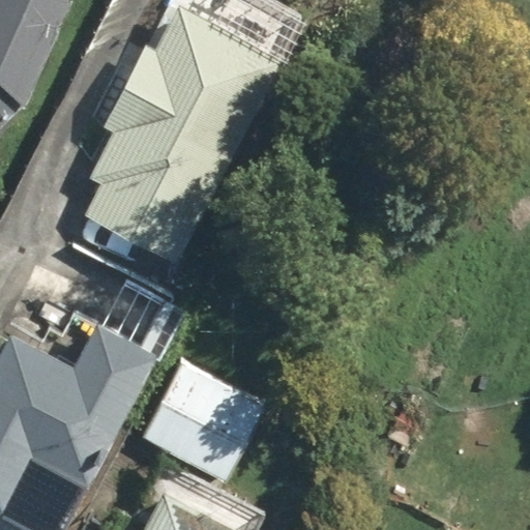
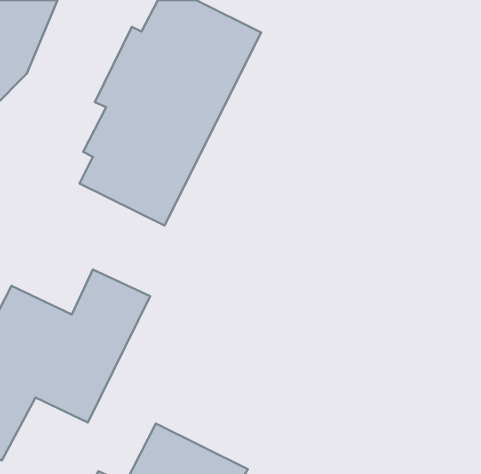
building: [145,366,264,484] -> none

